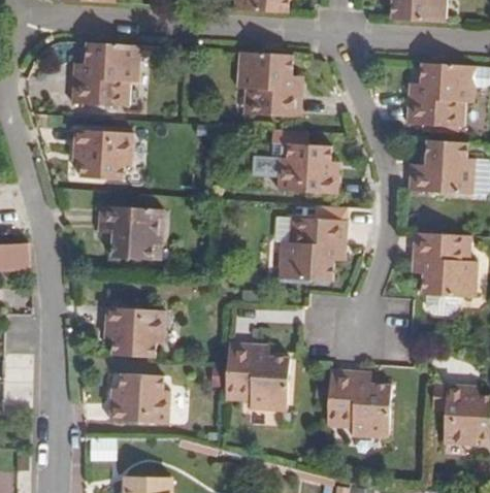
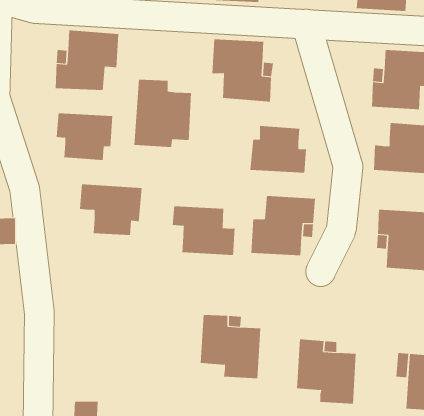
building: none -> [134,79,192,148]
building: none -> [172,205,235,256]
building: [104,306,165,358] -> none
building: [109,373,170,424] -> none

